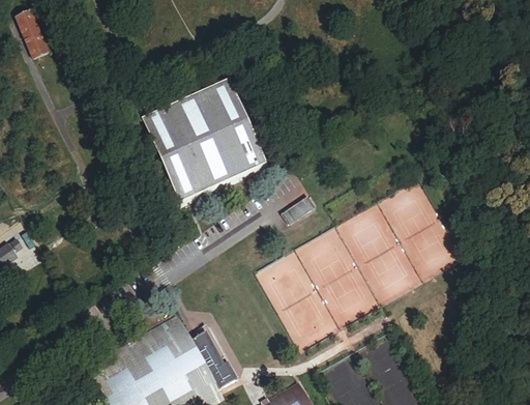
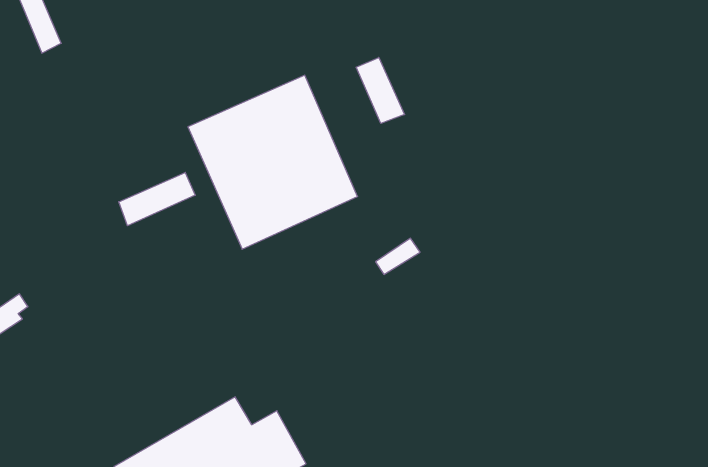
building: none -> [356,57,405,123]
building: none -> [119,172,195,226]

